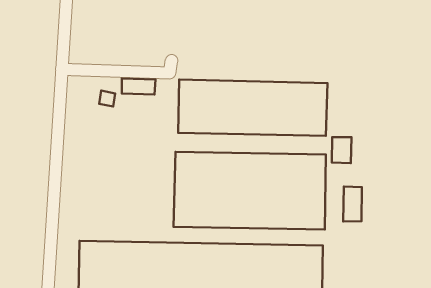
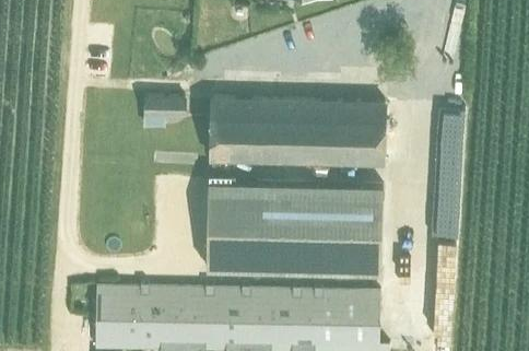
building: [332,137,351,163] -> none
building: [343,186,362,221] -> none

